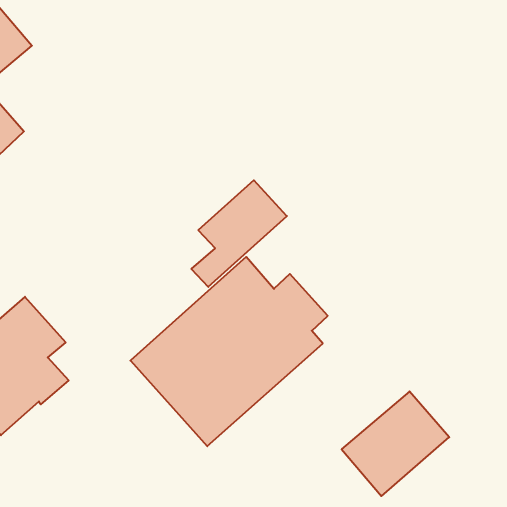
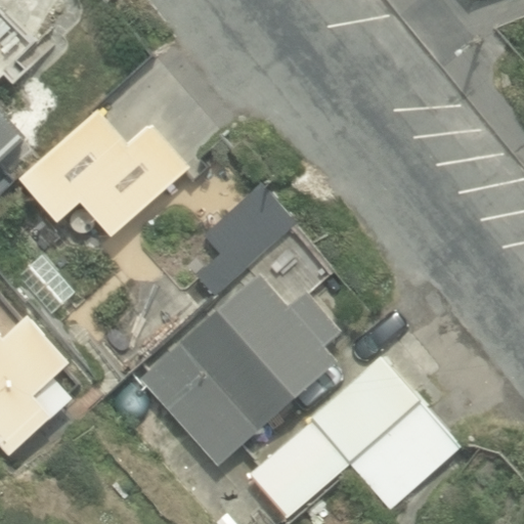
building: none -> [20,113,189,237]
building: none -> [249,357,421,519]

